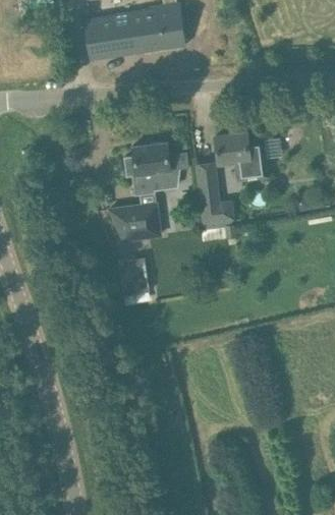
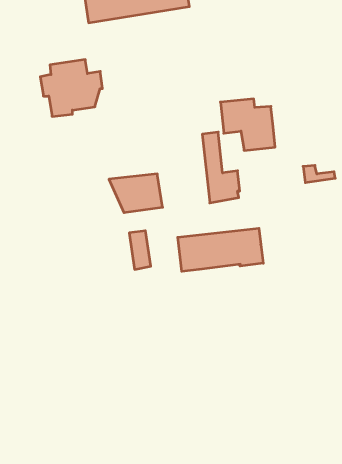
building: [123,141,182,195] -> [40,60,102,116]
building: none -> [178,228,263,271]

